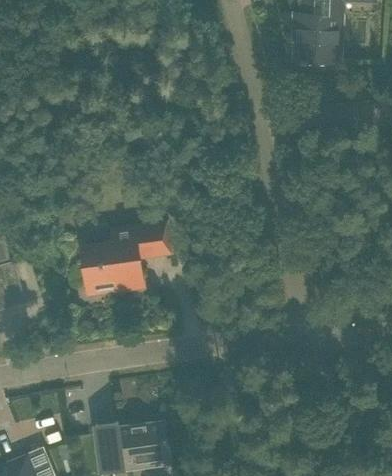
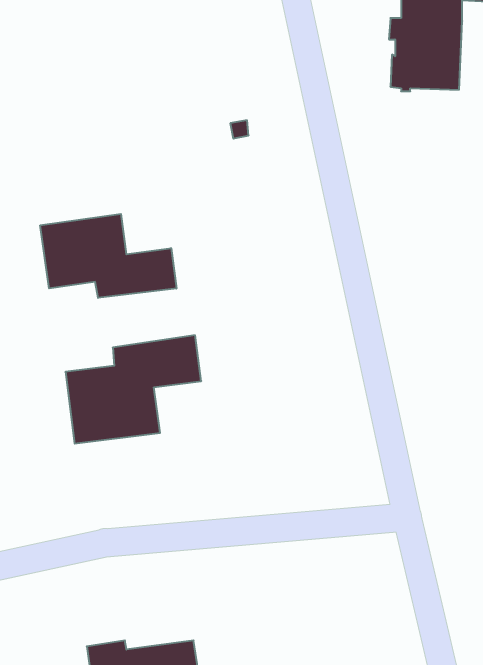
building: none -> [40,214,176,298]

